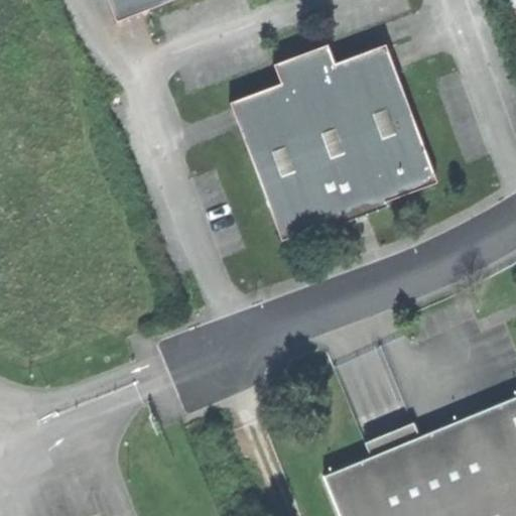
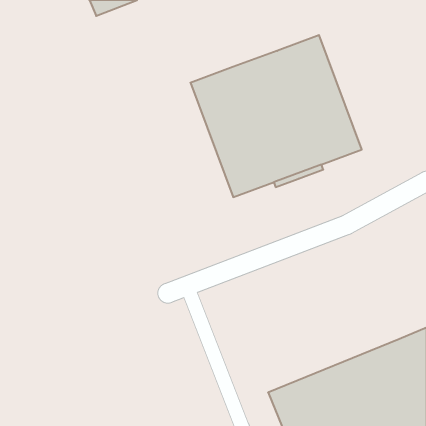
building: [275,42,336,82] -> none

